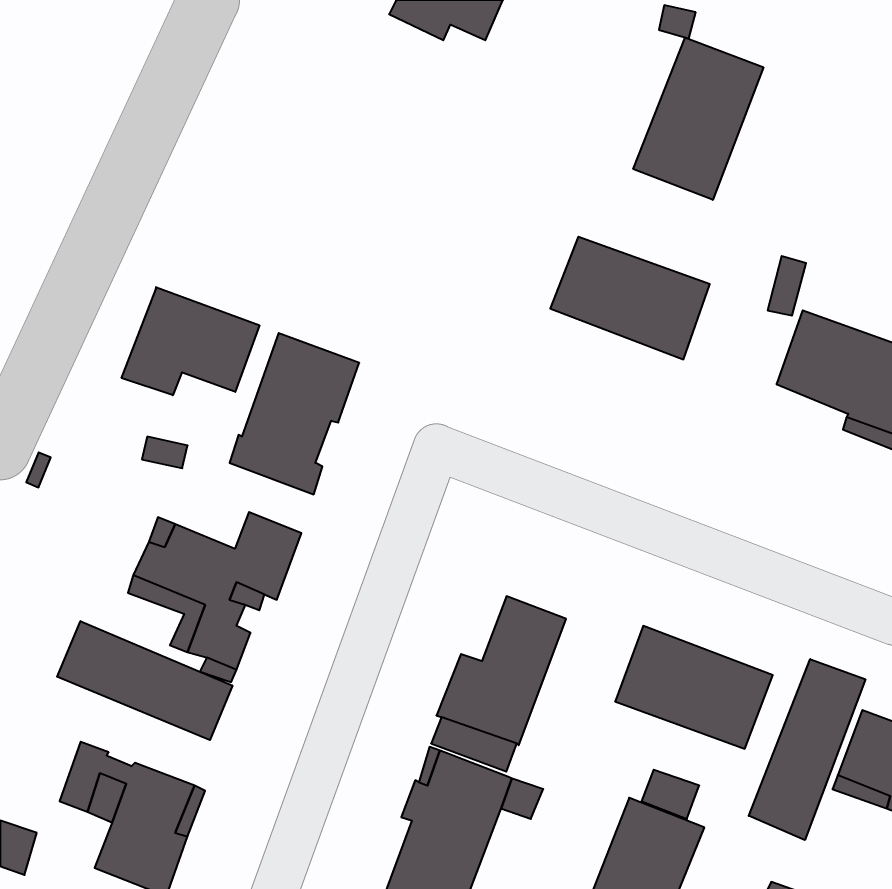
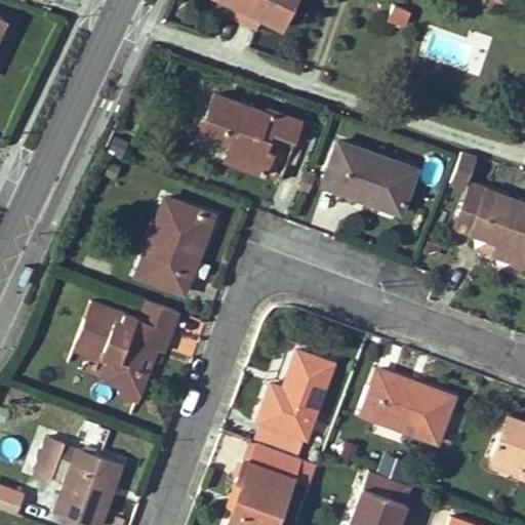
building: [633,38,763,200] -> none
building: none -> [201,95,300,176]
building: [122,287,259,395] -> none
building: [57,621,232,740] -> none
building: [749,659,865,840] -> none

